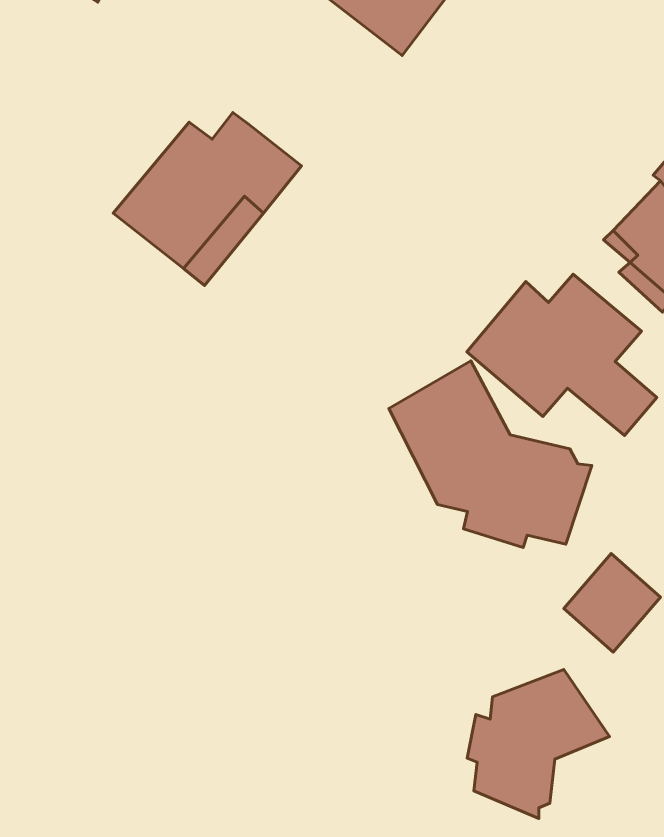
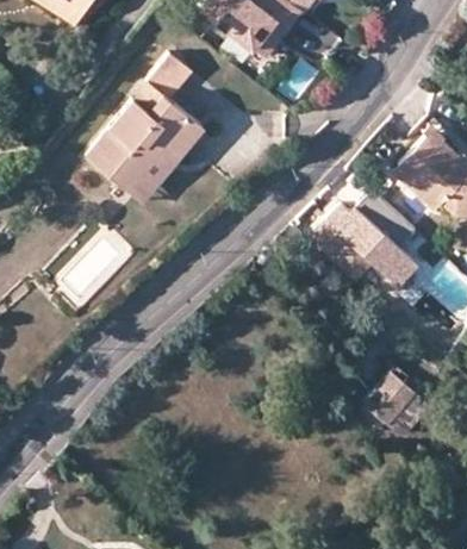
building: none -> [133,55,193,110]
building: [389,361,592,548] -> none
building: [467,669,610,818] -> none

